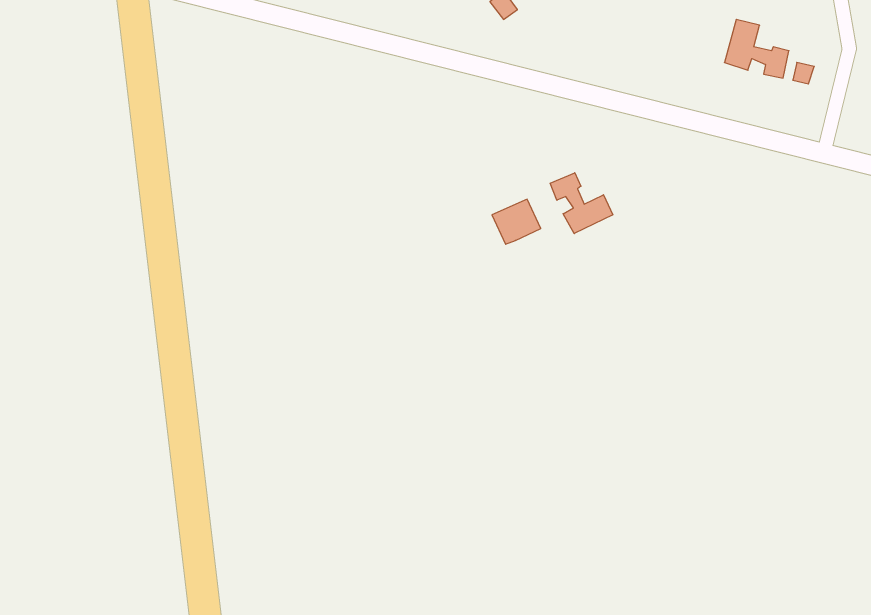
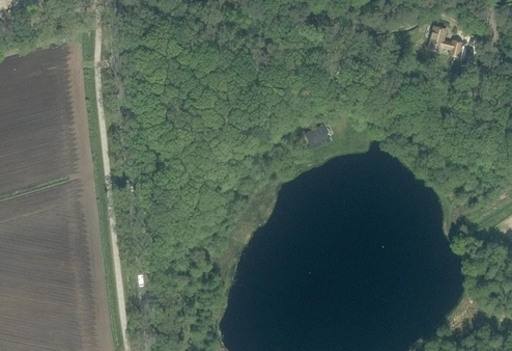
building: [550,173,613,234] -> none

